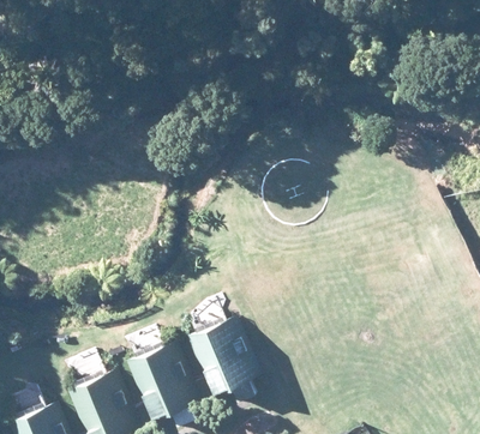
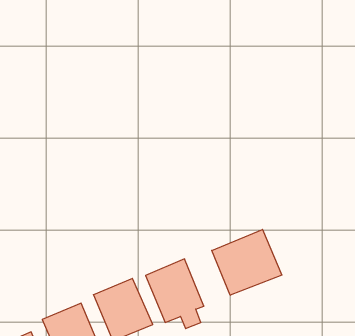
building: none -> [212,229,282,295]

